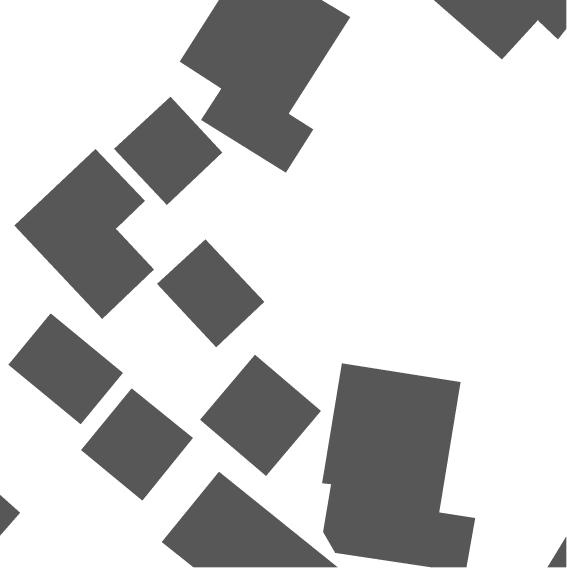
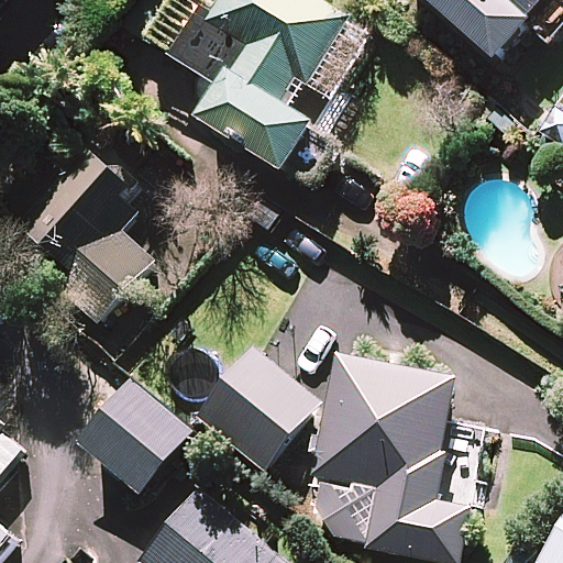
building: [113,96,223,206] -> none
building: [156,239,265,348] -> none
building: [7,312,124,426] -> none

